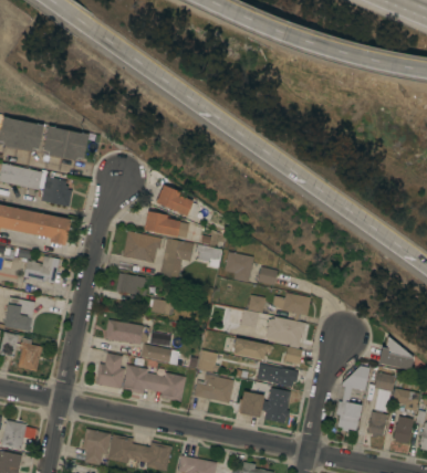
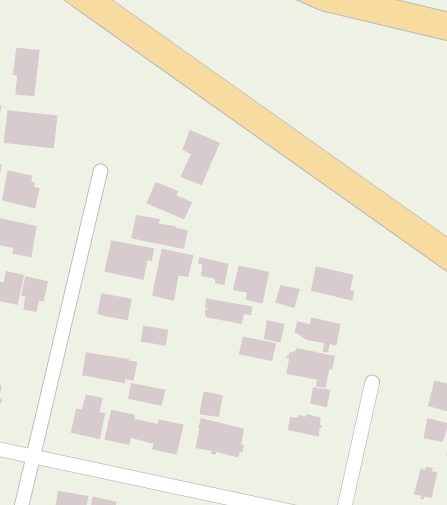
building: none -> [12,47,40,97]
building: none -> [179,129,221,186]
building: none -> [310,266,355,301]
building: none -> [20,275,49,313]
building: [233,339,272,360] -> [204,298,253,324]
building: [335,367,368,432] -> none
building: [239,380,290,424] -> none

